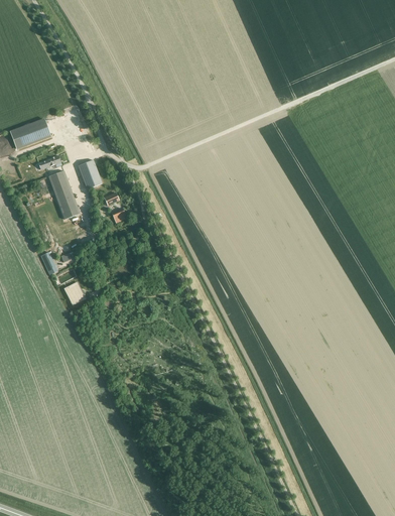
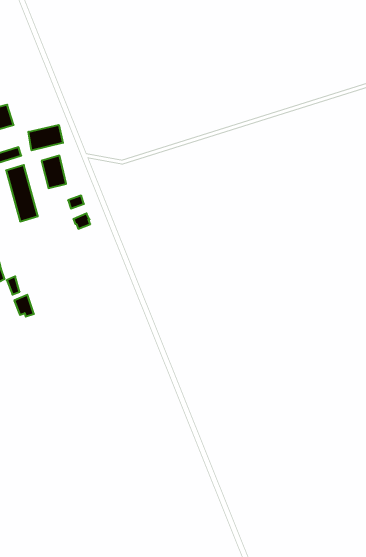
building: none -> [28,125,63,150]

